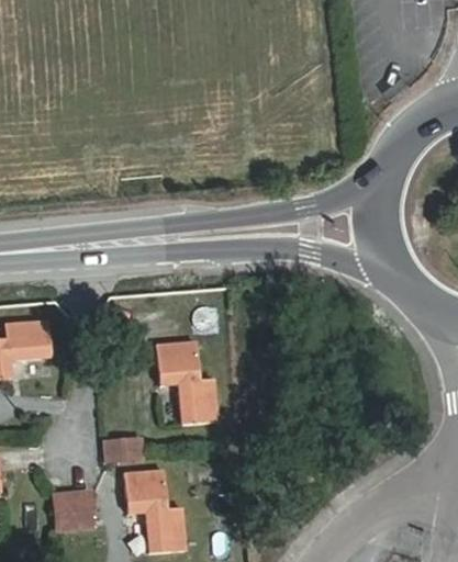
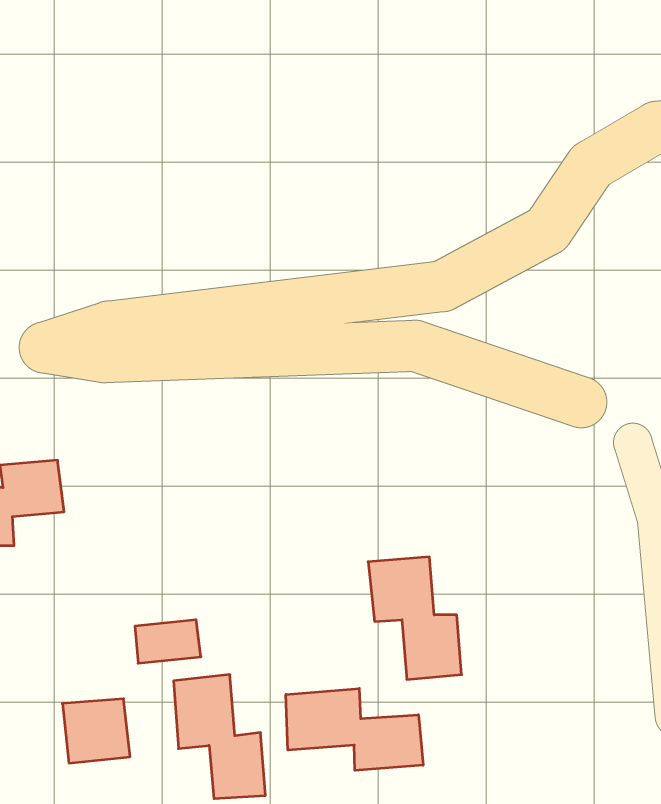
building: [155,342,219,426] -> [368,557,462,679]
building: none -> [286,688,423,770]

